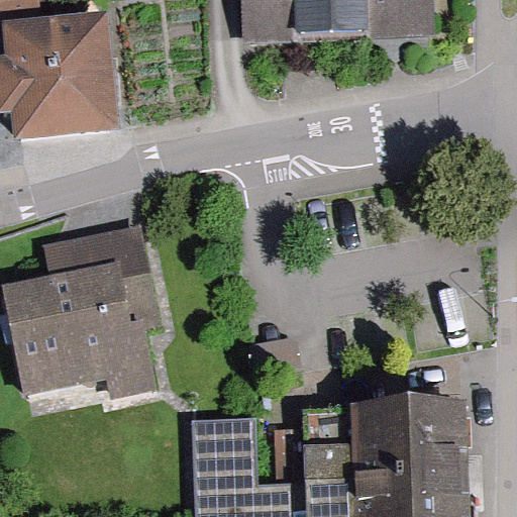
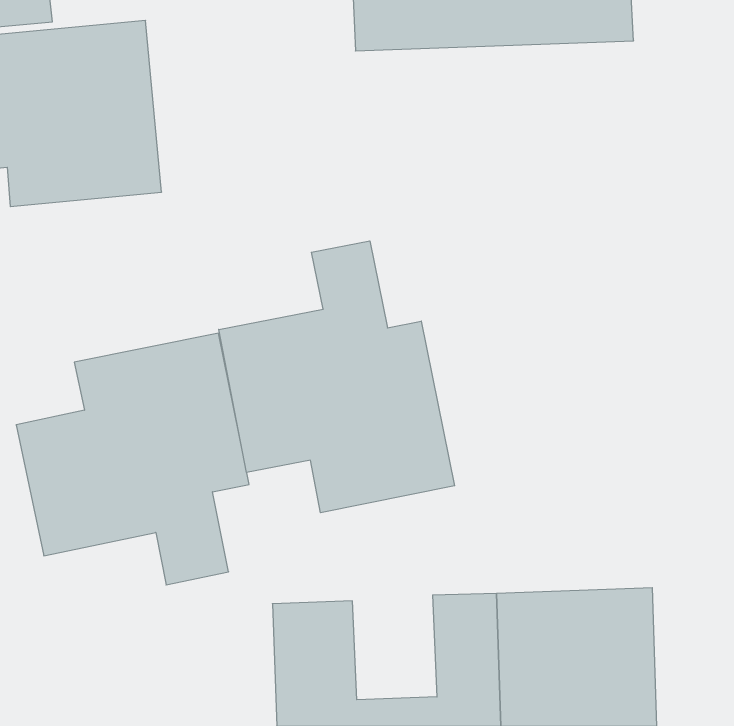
building: none -> [219,241,455,513]

